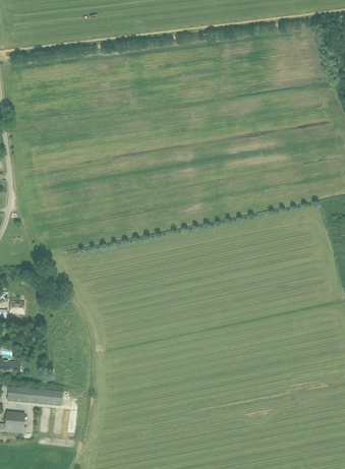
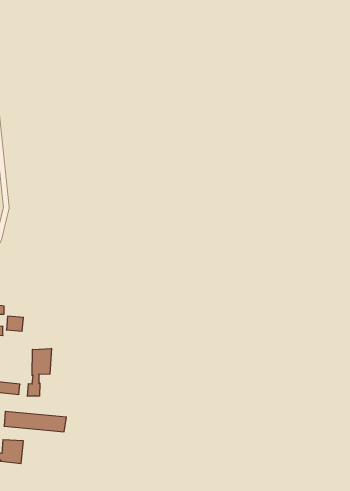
building: none -> [27,348,51,396]

